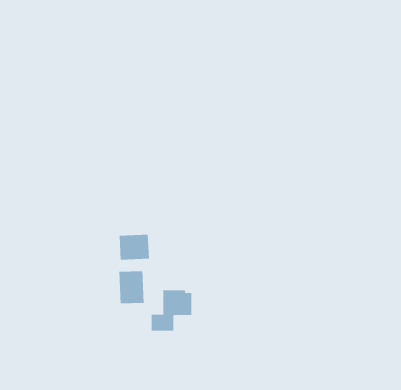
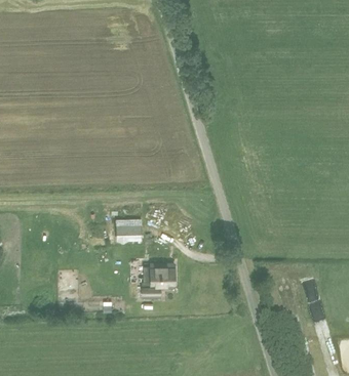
building: [119,271,144,304] -> none

